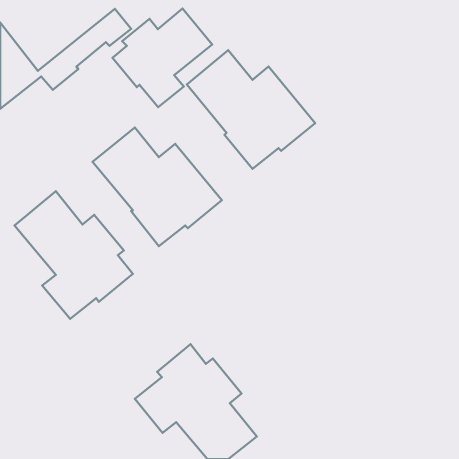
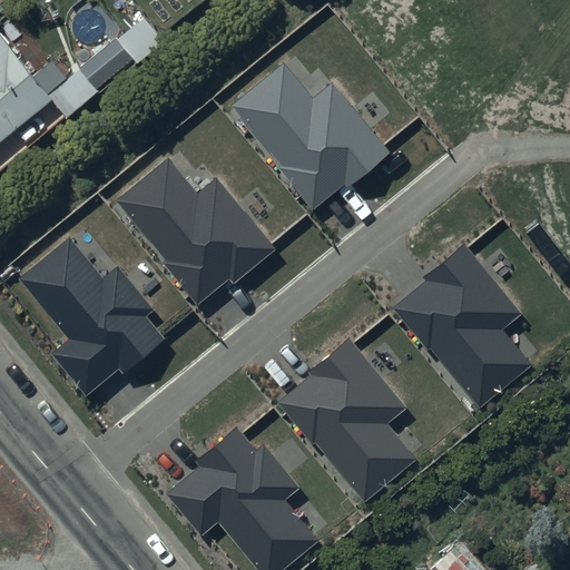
building: [113,8,212,107] -> none
building: none -> [393,243,532,409]
building: none -> [278,336,417,502]

